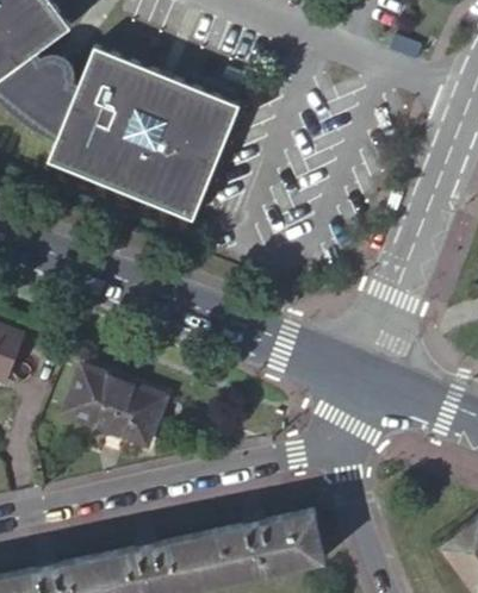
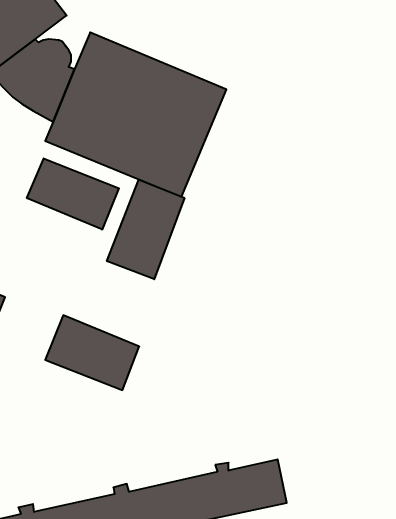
building: none -> [27,158,119,230]
building: none -> [107,180,184,279]

